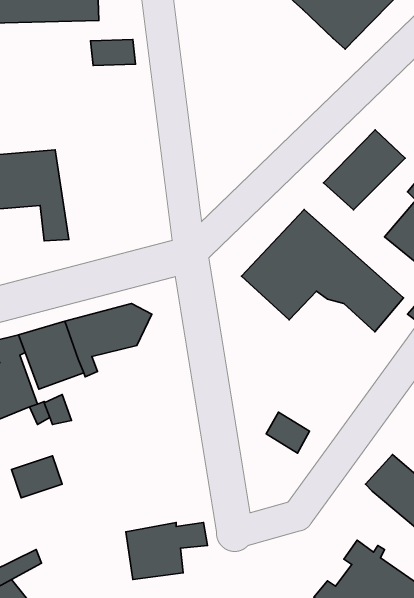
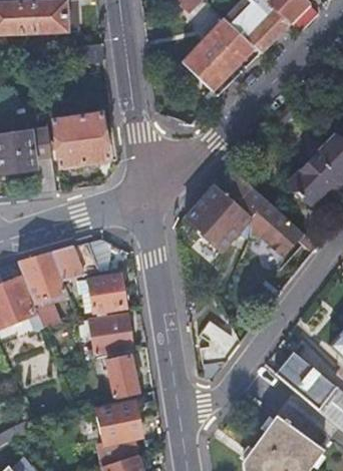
building: [324,130,405,210] -> [192,22,252,81]
building: none -> [54,112,108,164]
building: none -> [82,276,126,314]
building: none -> [80,314,133,355]
building: none -> [105,358,137,399]

